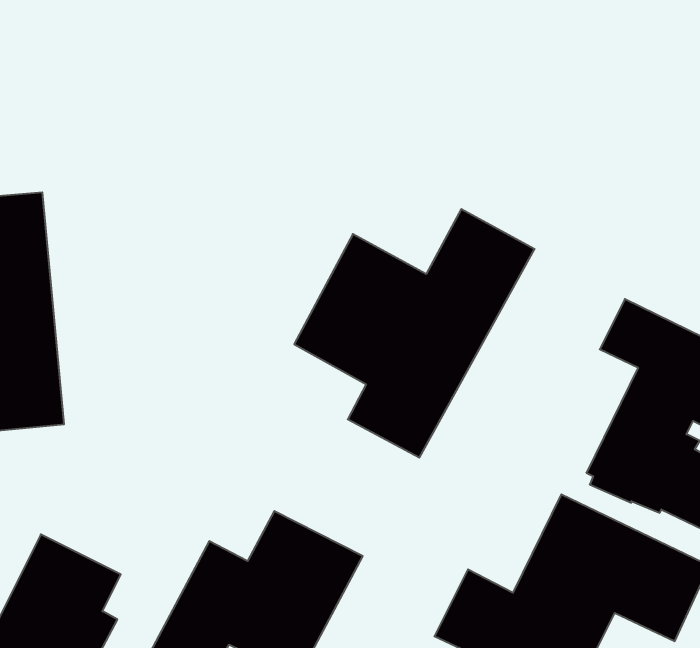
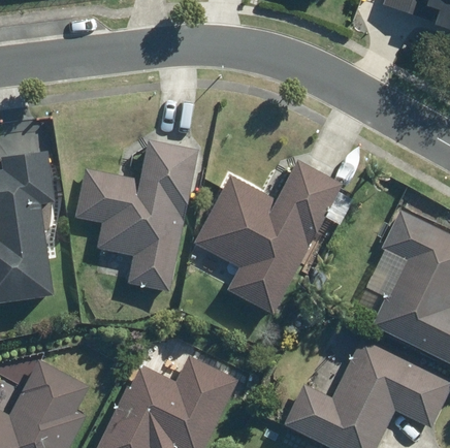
building: none -> [75,140,199,292]

